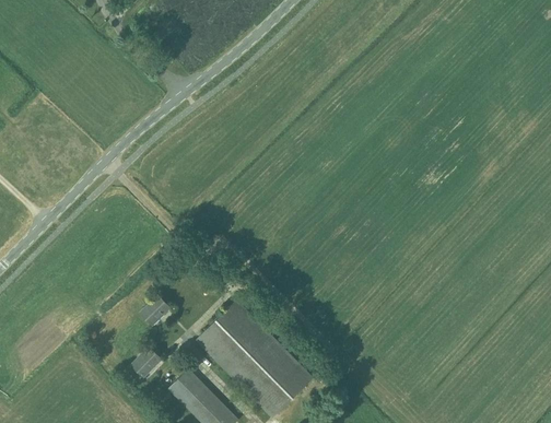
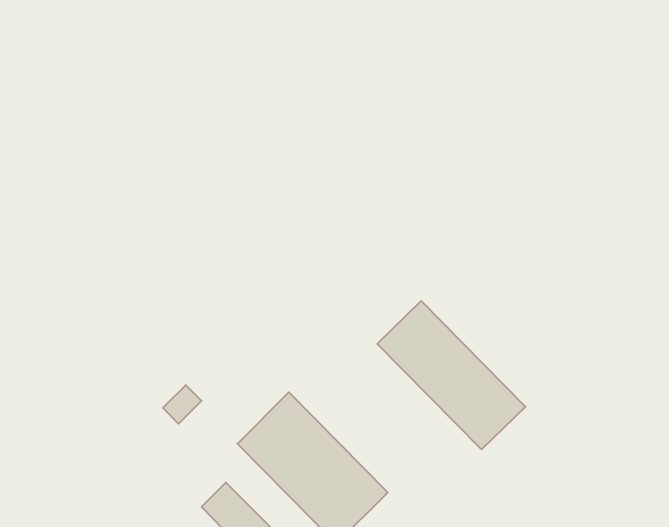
building: none -> [377,301,526,449]
building: [131,346,161,376] -> none

